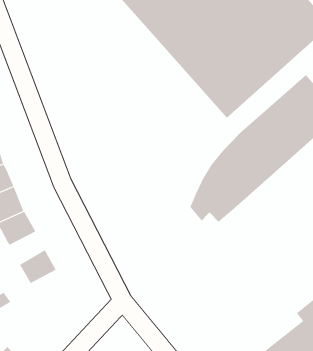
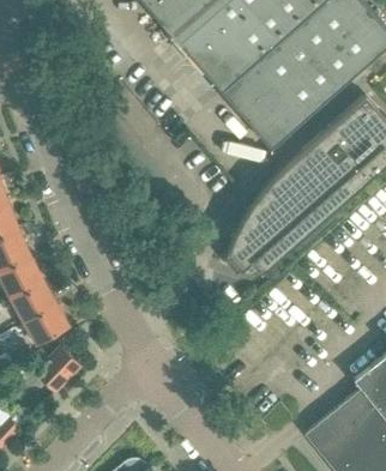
building: none -> [12,282,55,321]
building: none -> [36,346,80,392]

